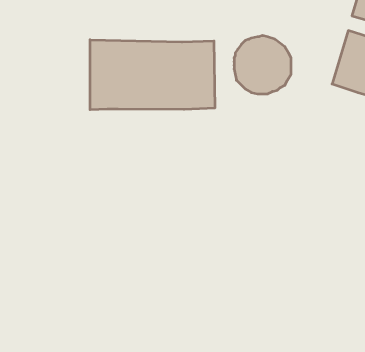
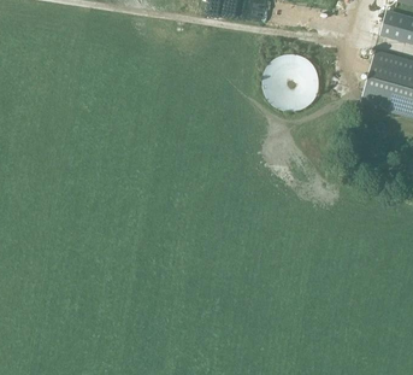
building: [90,40,215,110] -> none

